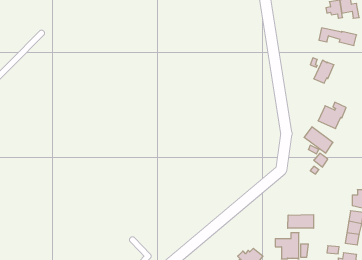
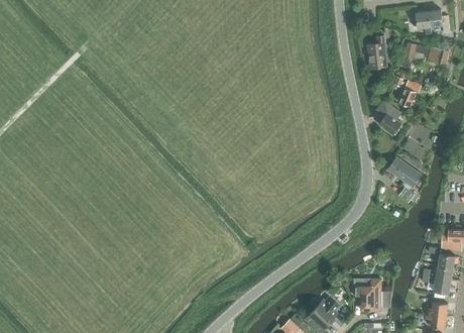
building: none -> [368,34,387,69]
building: none -> [375,100,400,134]
building: [288,215,314,228] -> none

